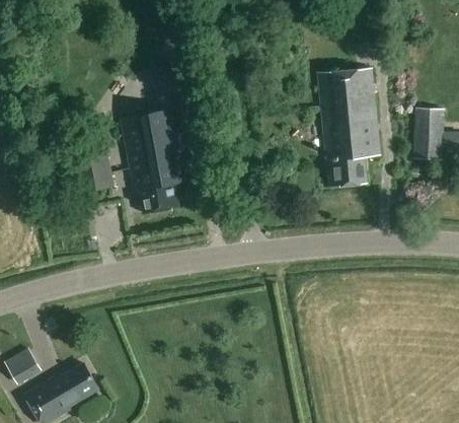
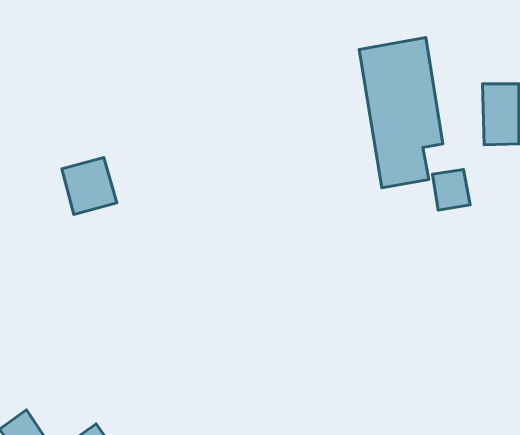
building: [119,107,192,213] -> none
building: none -> [432,170,470,210]

